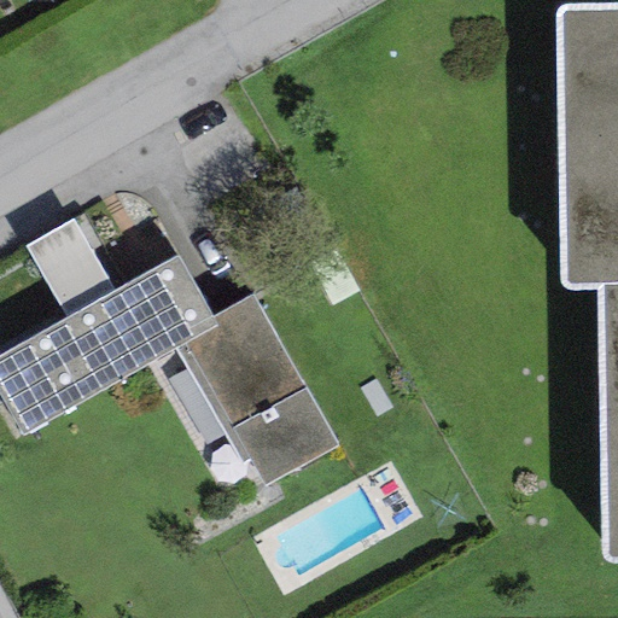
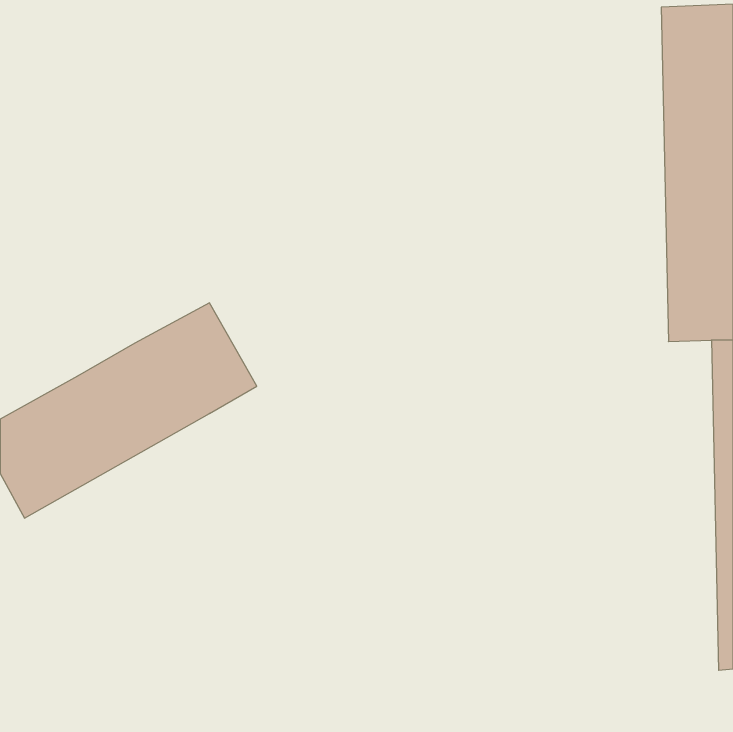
building: [24,218,113,316] -> none
building: [176,293,337,483] -> none

